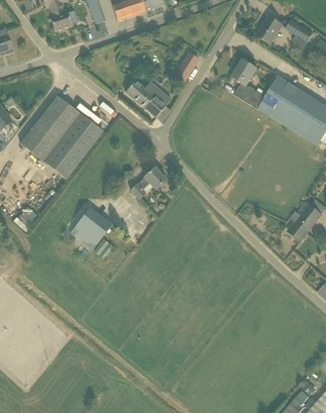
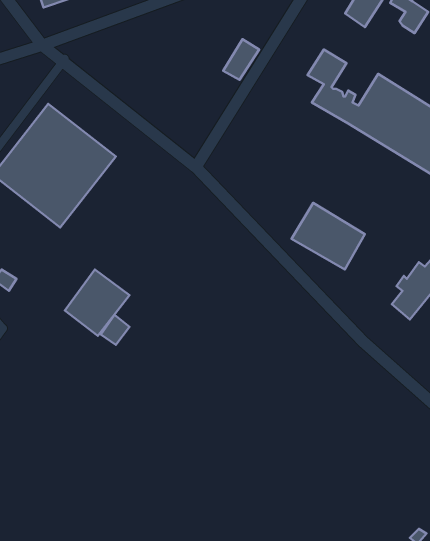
building: [125,80,171,121] -> none
building: none -> [291,203,365,270]
building: [131,167,167,198] -> none

